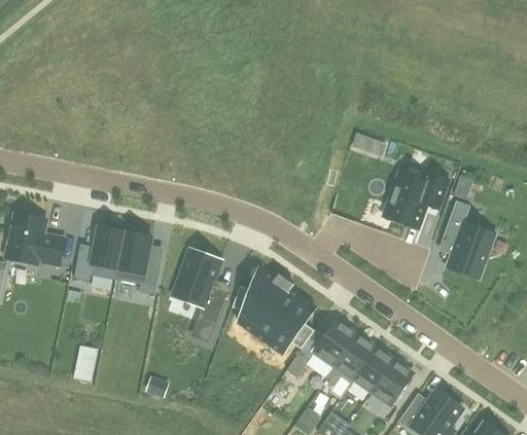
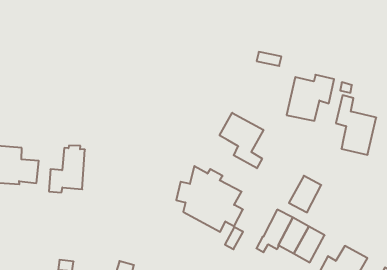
building: none -> [220,113,263,168]
building: [115,228,160,295] -> none
building: [172,249,227,327] -> none
building: [314,320,357,366] -> [289,176,321,212]

